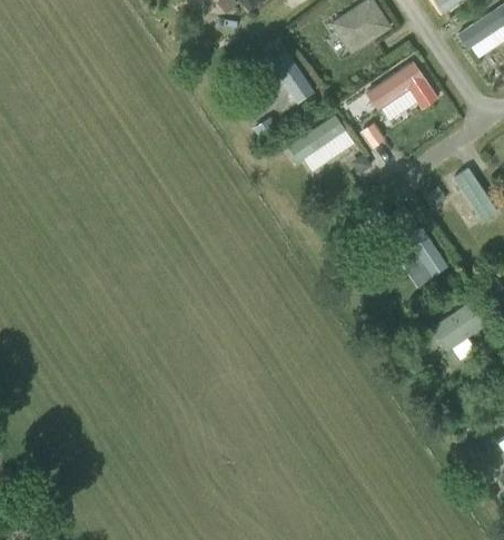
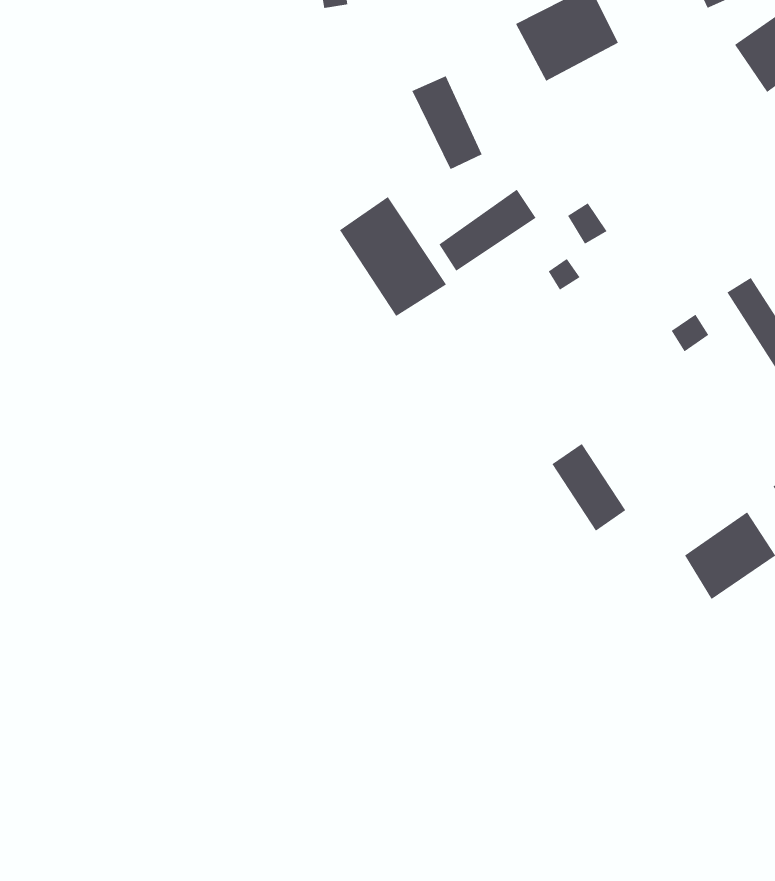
building: [366,60,434,111] -> none
building: none -> [339,196,447,317]
building: [405,227,448,278] -> [551,443,626,531]

